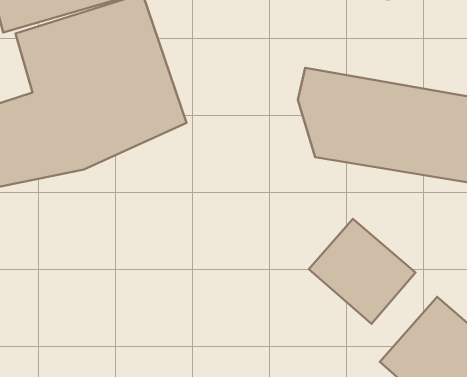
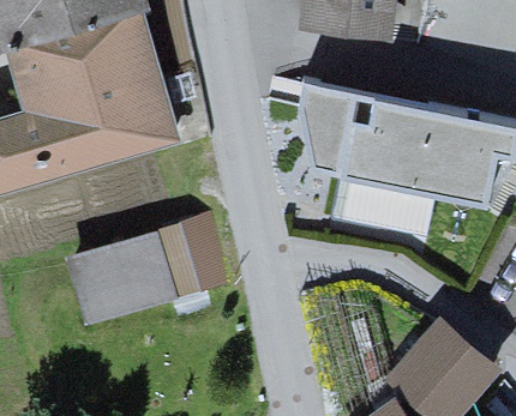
building: none -> [65,204,236,322]
building: [309,219,416,324] -> none

